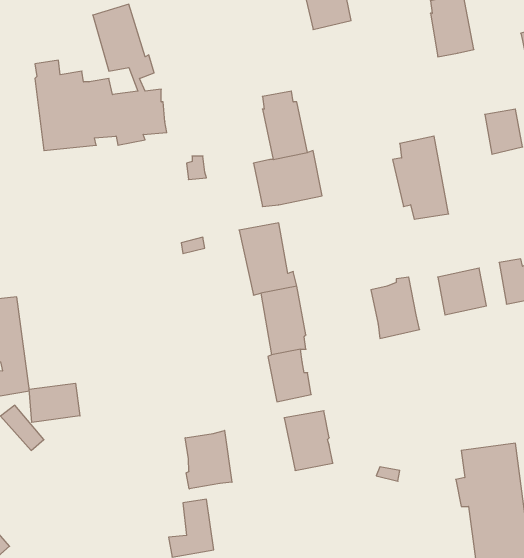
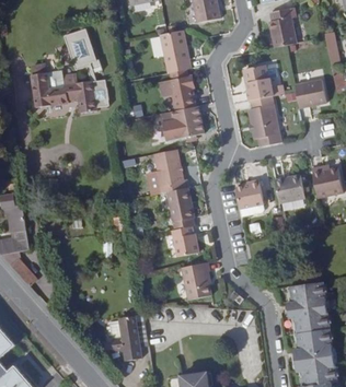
building: none -> [160,31,192,72]
building: none -> [243,62,274,101]
building: [29,383,80,422] -> none
building: [185,430,232,489] -> none

